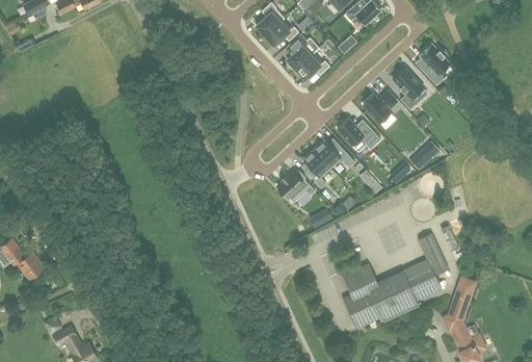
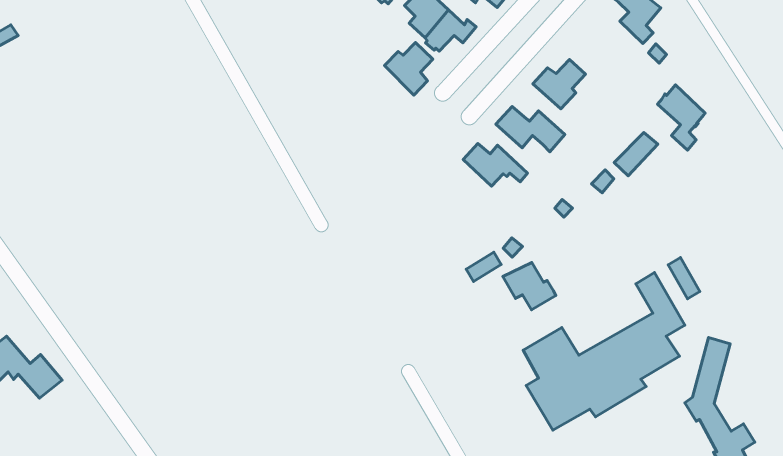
building: [393,67,423,109] -> [658,85,705,150]
building: none -> [384,42,433,95]
building: [303,149,330,187] -> none
building: [277,172,315,202] -> none
building: none -> [503,263,556,310]

